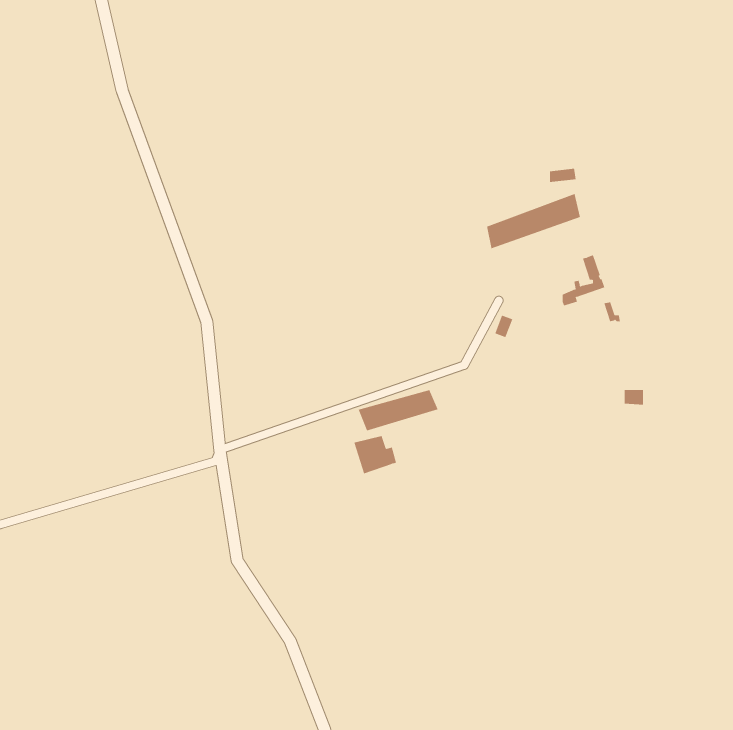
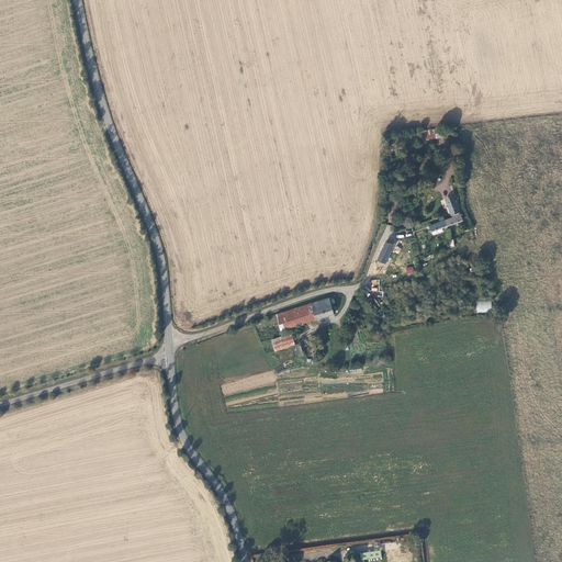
building: [486,193,581,249] -> none

